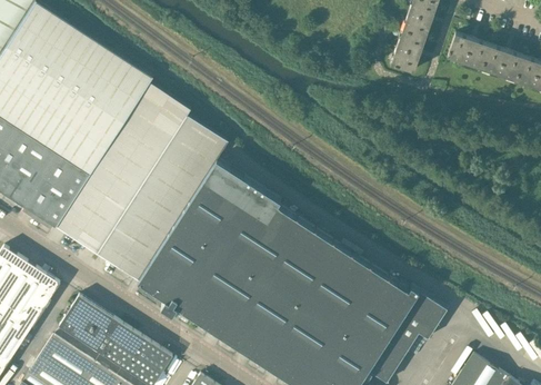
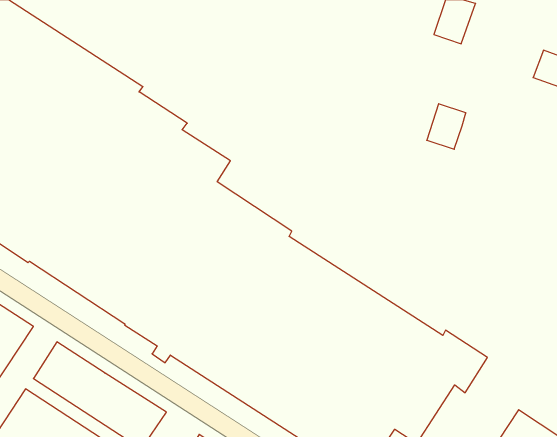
building: [391,33,424,72] -> [427,104,466,149]
building: [448,33,494,70] -> none

